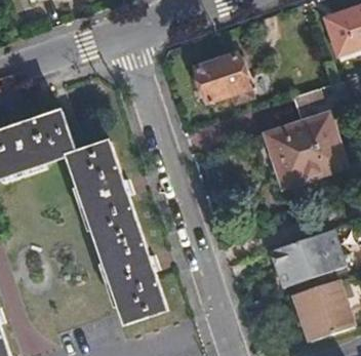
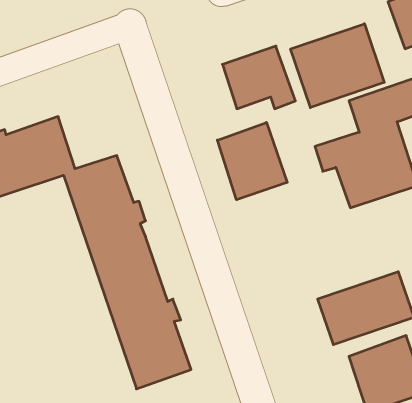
building: none -> [291,24,384,108]
building: none -> [217,122,287,200]

